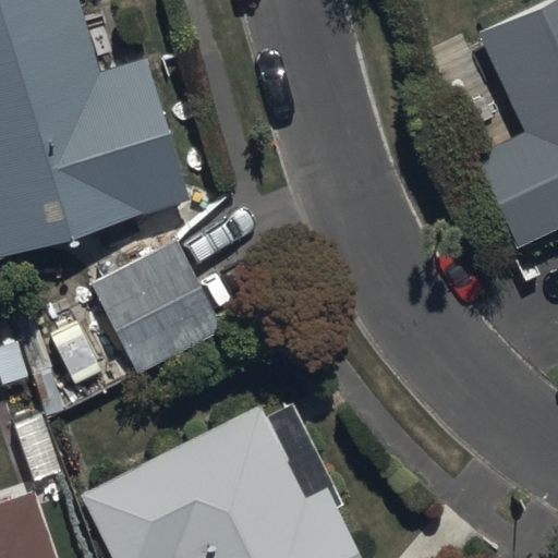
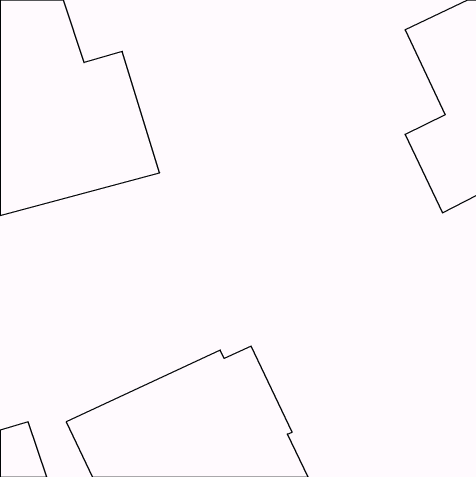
building: [66,242,218,381] -> none

